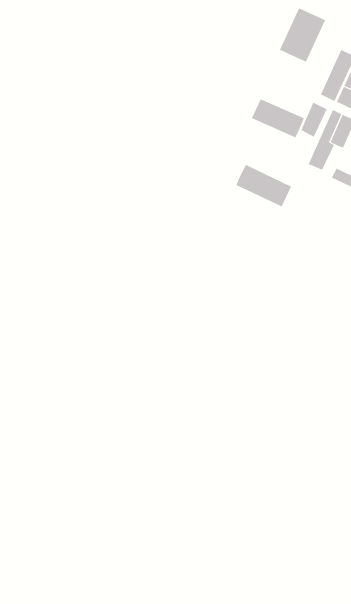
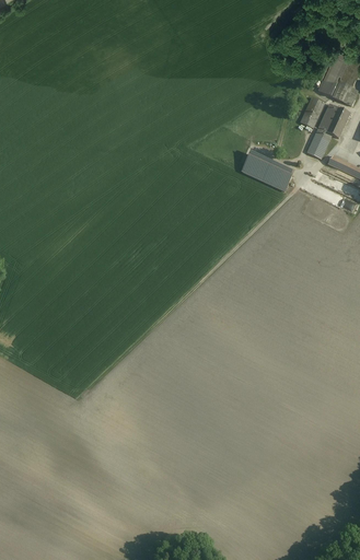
building: [279,7,326,62] -> none
building: [251,98,305,138] -> none

